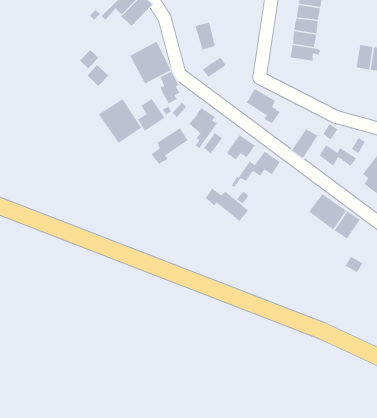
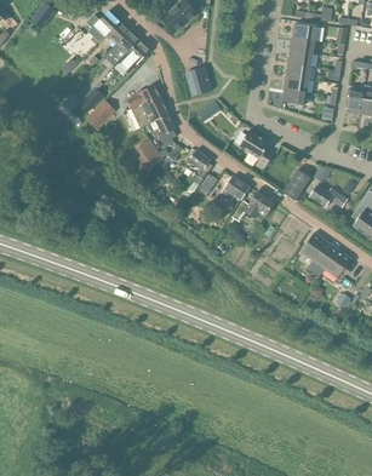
building: [98,98,142,144] -> none
building: [150,127,189,165] -> none
building: [205,187,249,222] -> none

